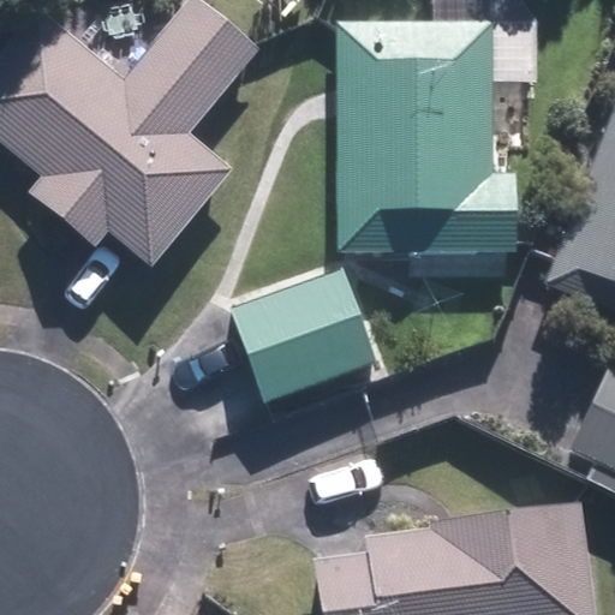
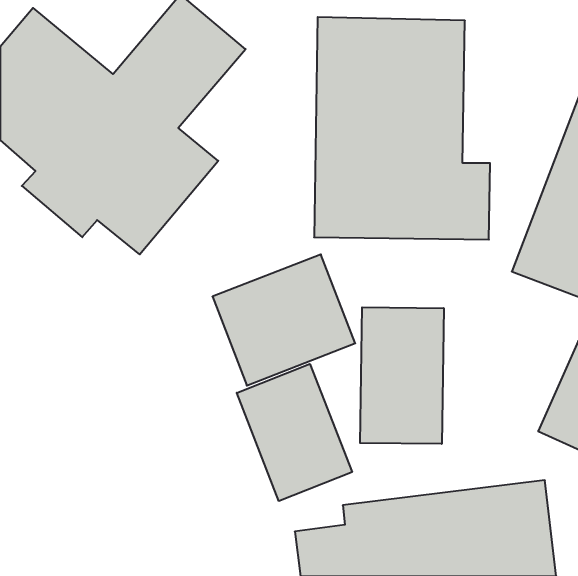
building: none -> [360,307,444,444]
building: none -> [237,364,352,501]

